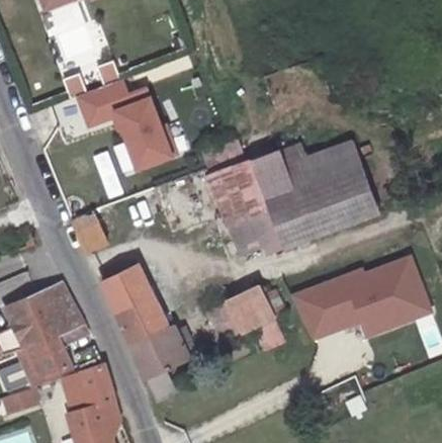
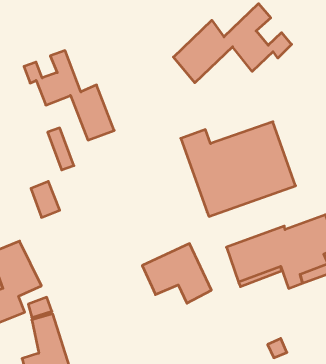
building: none -> [173,4,292,83]
building: [204,163,277,258] -> none
building: [102,264,198,400] -> none

